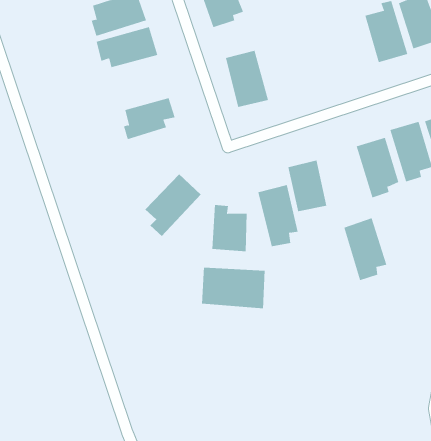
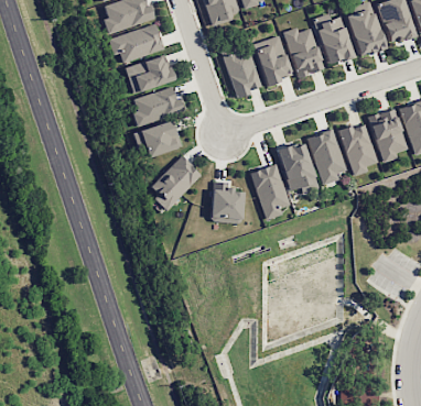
building: none -> [315,17,354,65]
building: none -> [283,28,323,77]
building: none -> [252,35,292,85]
building: none -> [125,54,173,94]
building: none -> [133,120,181,157]
building: [343,217,387,281] -> [307,129,346,185]
building: [202,267,265,309] -> none

